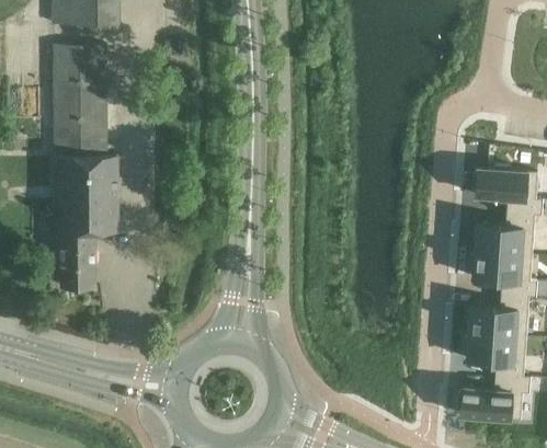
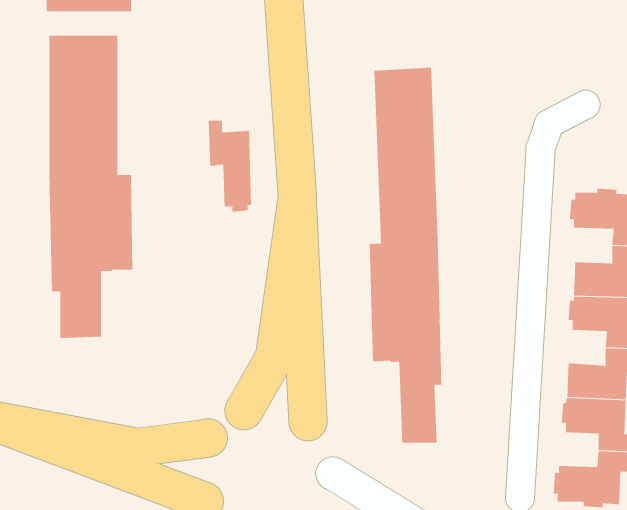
building: none -> [369,67,442,443]
building: none -> [208,120,251,212]

